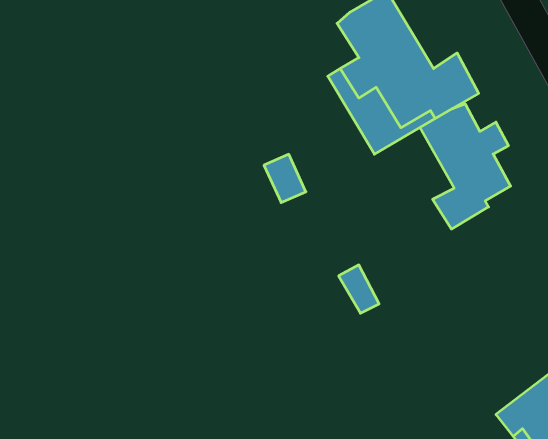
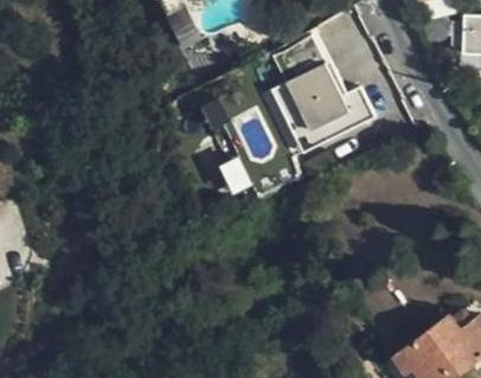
building: [420,104,511,229] -> none

